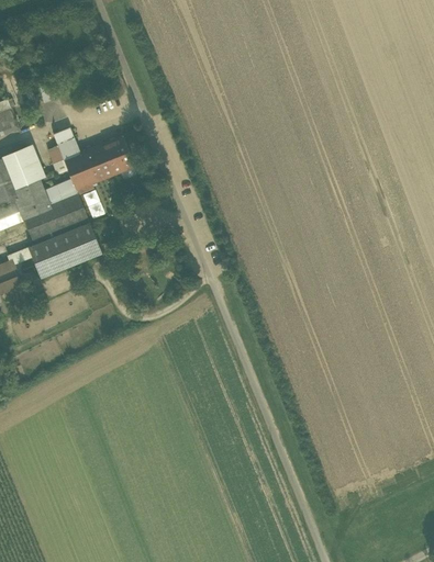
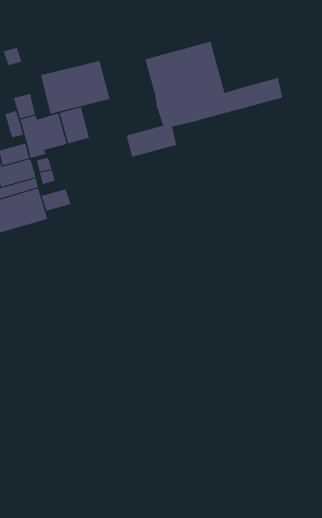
building: none -> [126,41,283,158]
building: none -> [40,60,110,114]
building: none -> [41,188,71,212]

